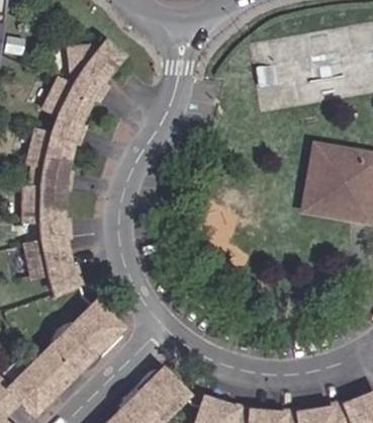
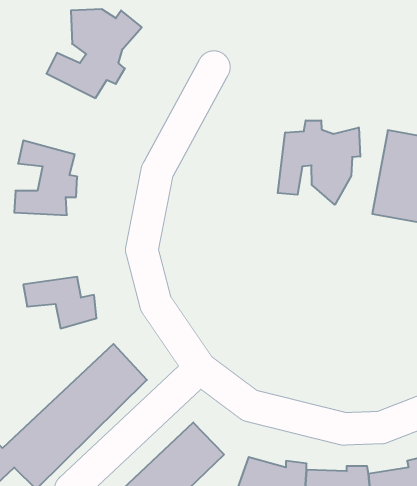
building: [26,96,83,160] -> none
building: none -> [278,120,360,205]
building: [19,205,74,262] -> none

